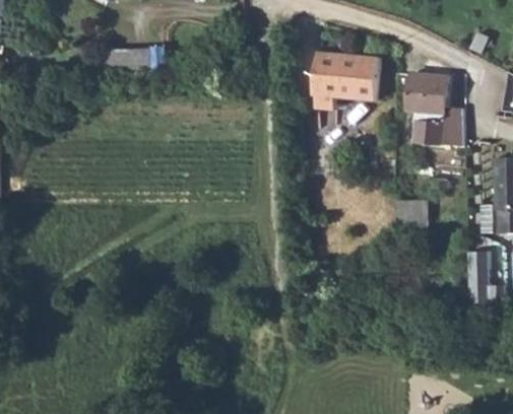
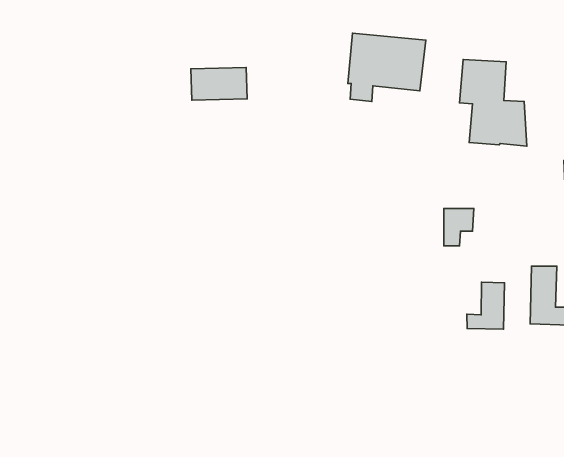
building: [101,47,148,74] -> [191,68,247,100]
building: none -> [467,282,505,329]

